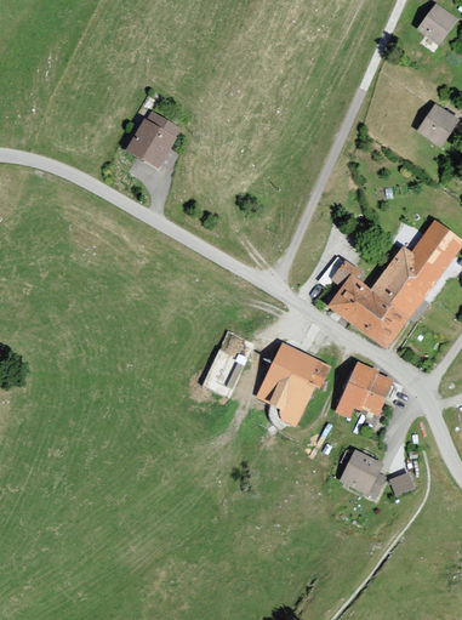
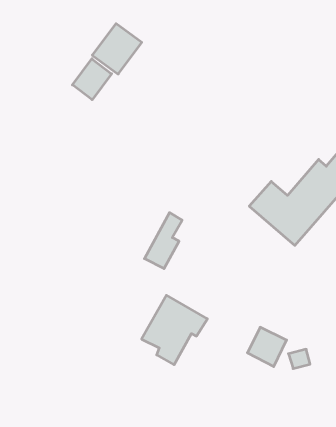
building: none -> [72,59,112,100]
building: [257,343,332,425] -> [142,295,207,365]
building: [336,363,393,416] -> none

